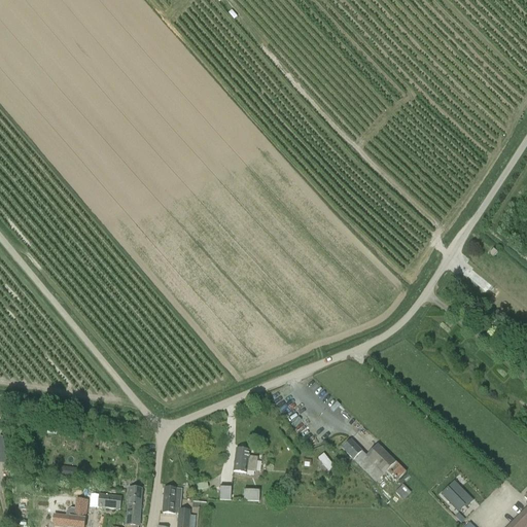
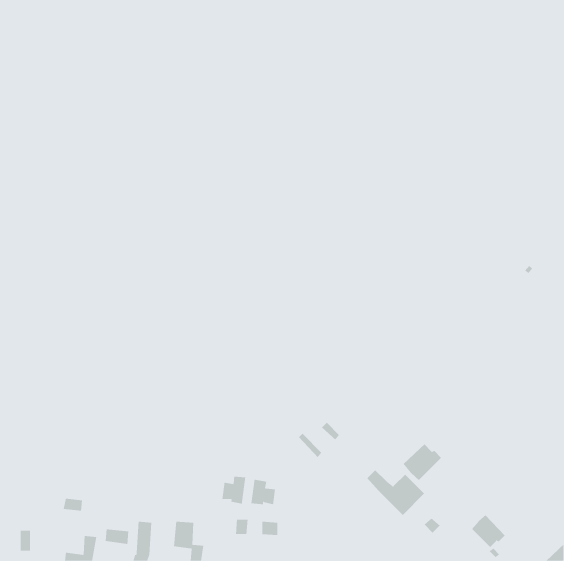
building: none -> [403,443,442,481]
building: none -> [222,476,246,505]

